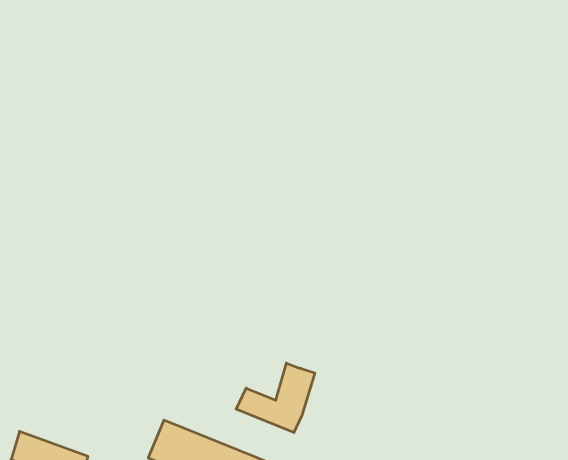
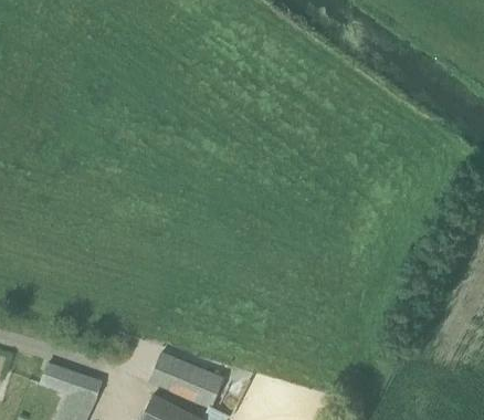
building: [236,363,315,433] -> none

